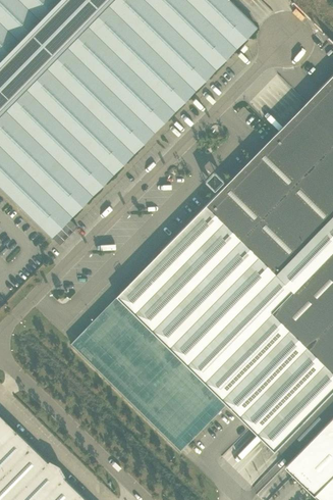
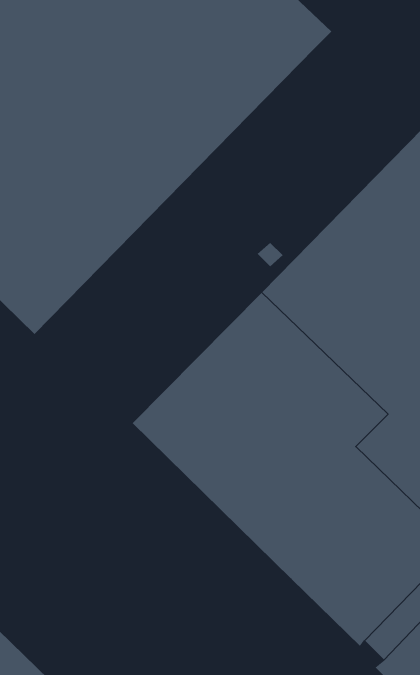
building: [71,297,227,452] -> none

